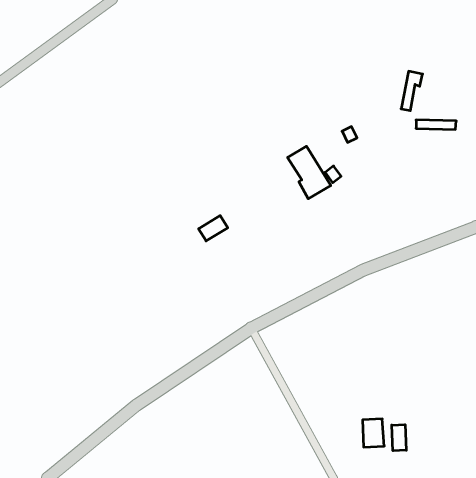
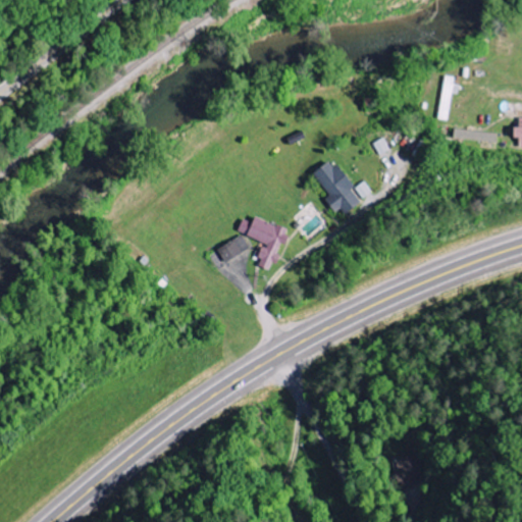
building: none -> [237,216,288,270]
building: [392,425,406,451] -> none

